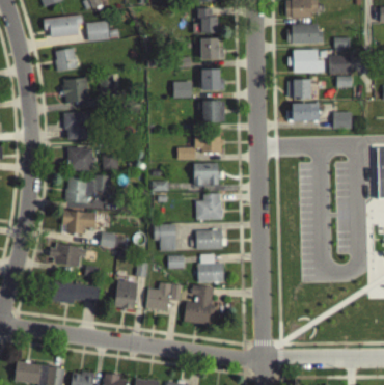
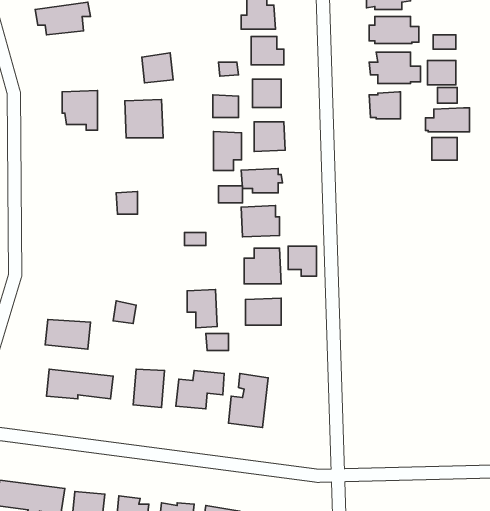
building: [86,20,109,42] -> [142,53,173,83]
building: [54,47,78,72] -> none
building: [285,103,318,120] -> [425,108,470,132]
building: none -> [213,131,241,170]
building: [64,111,92,139] -> [125,99,163,138]
building: [67,147,93,170] -> none
building: [65,175,110,203] -> none
building: none -> [288,246,317,276]
building: [61,211,105,233] -> none
building: [198,254,223,281] -> none

